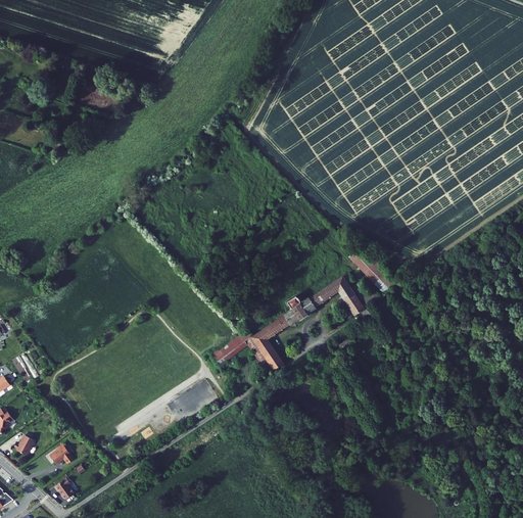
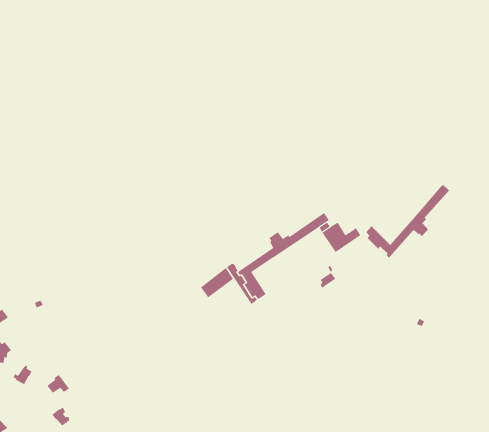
building: none -> [366,184,450,259]

